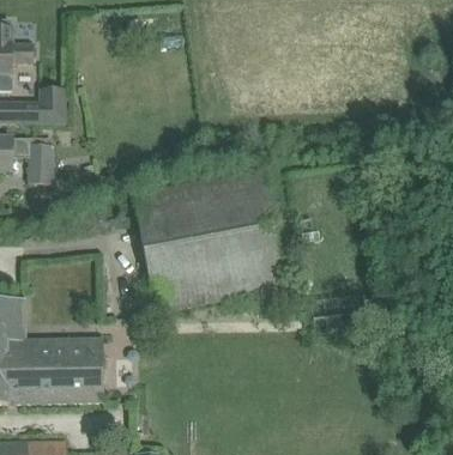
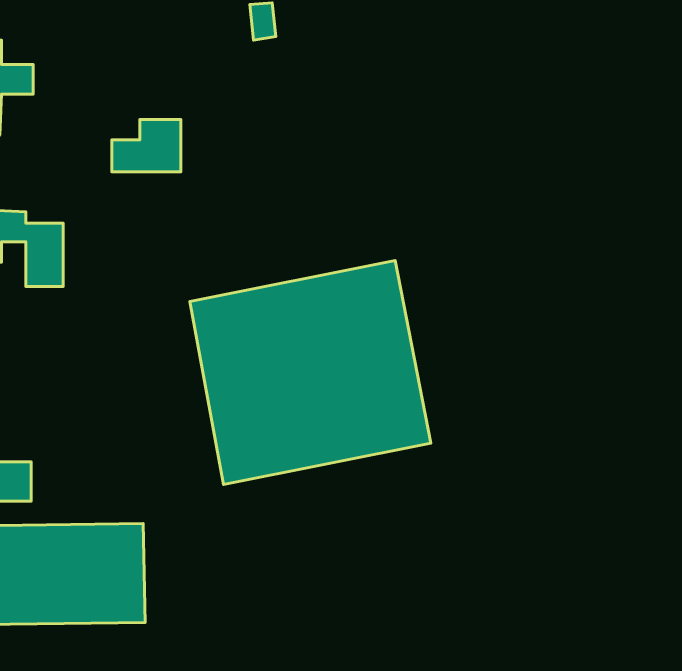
building: [20,87,65,121] -> [112,119,181,172]

